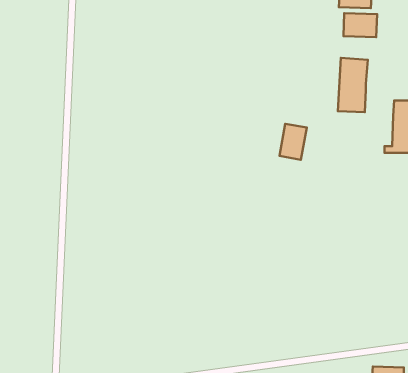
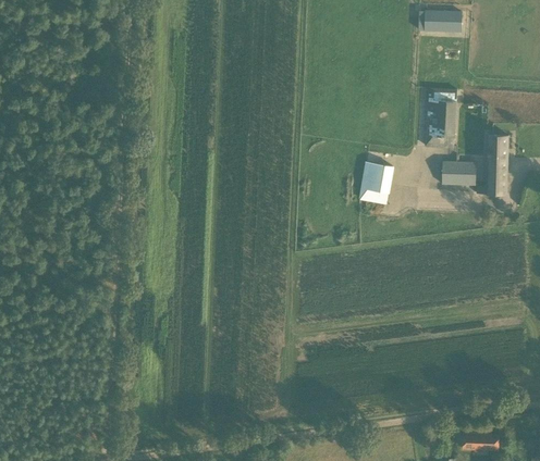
building: [343,13,377,37] -> none
building: none -> [440,161,475,185]

